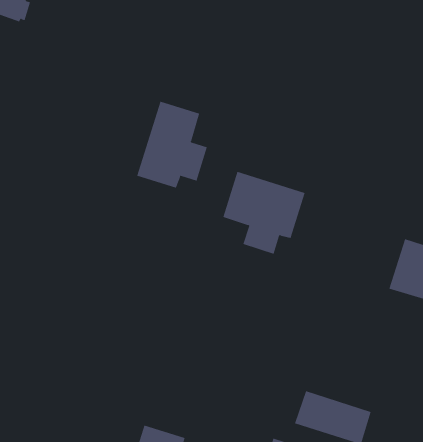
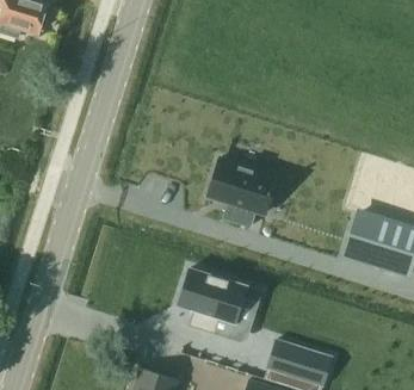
building: [137,101,207,189] -> none
building: none -> [178,267,259,333]

